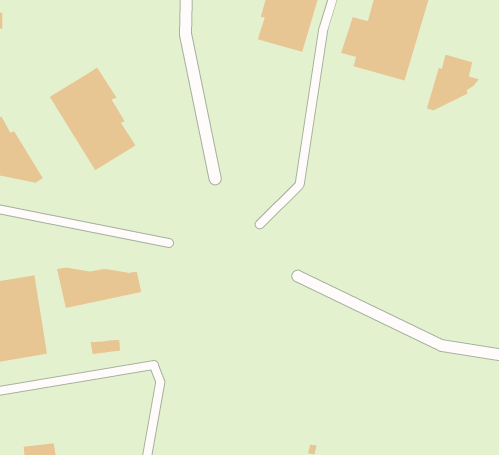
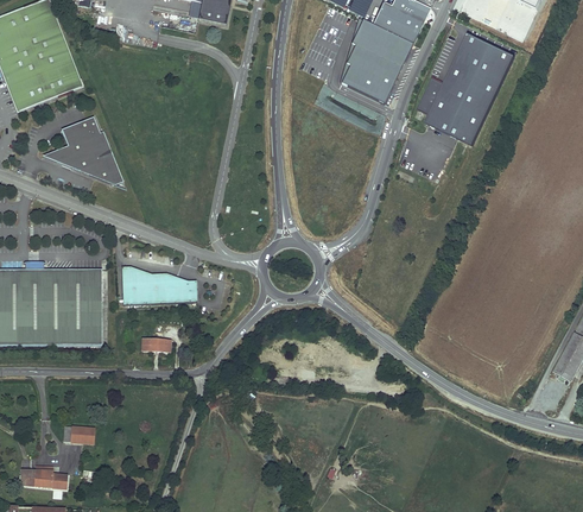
building: [426,54,480,111] -> none
building: [49,67,136,171] -> none

